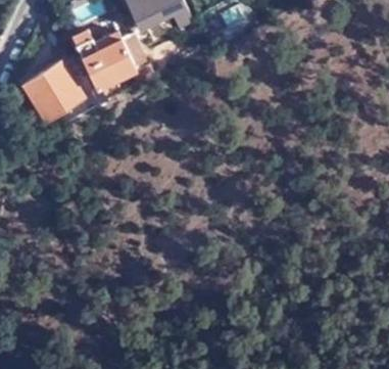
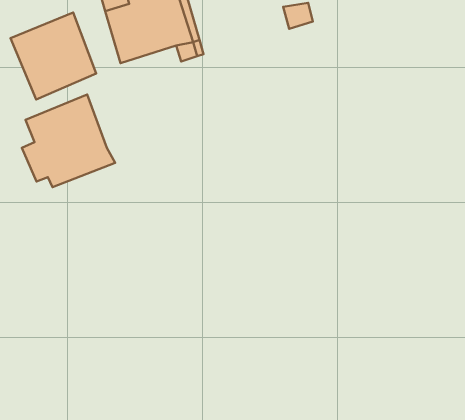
building: none -> [22,95,115,187]

